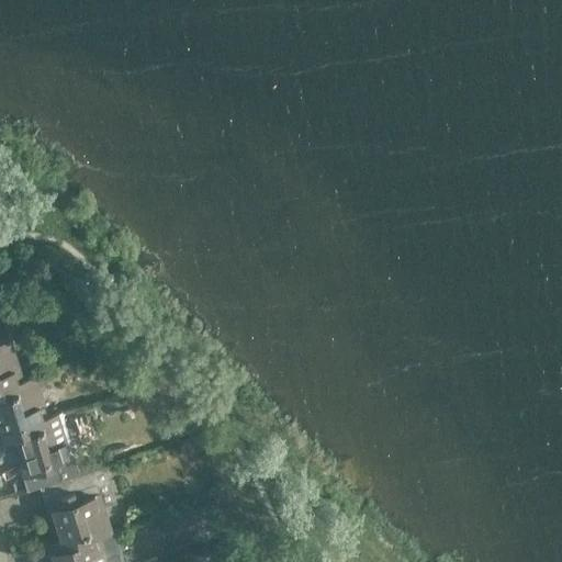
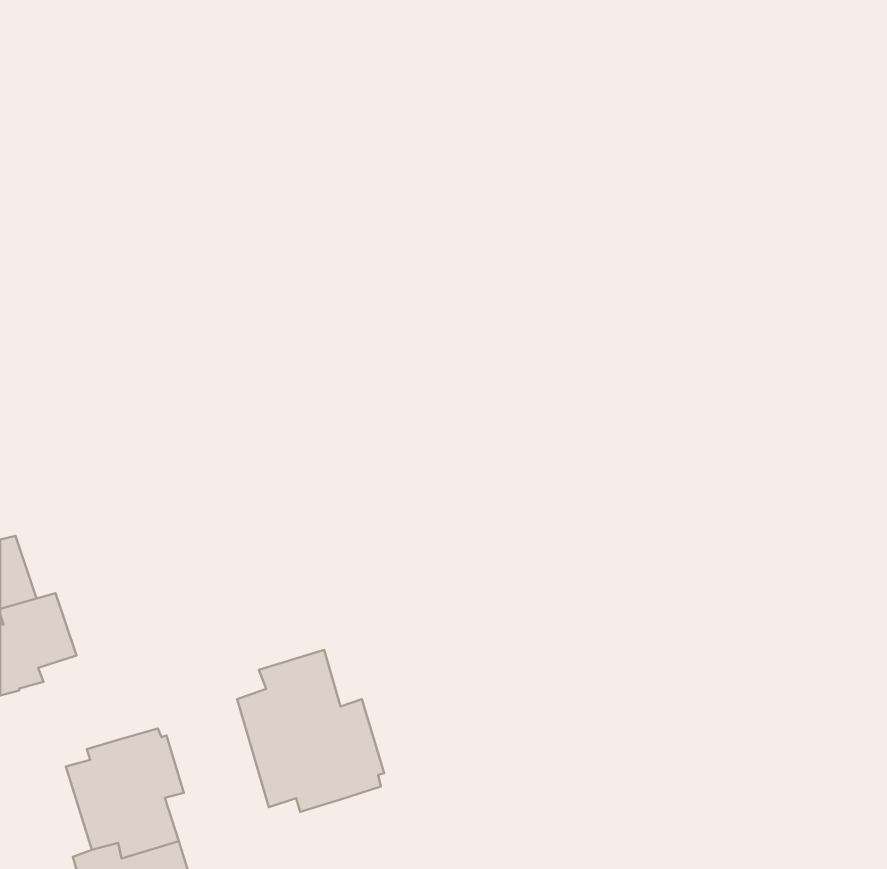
building: none -> [237,650,384,812]
building: [12,423,77,488] -> none

